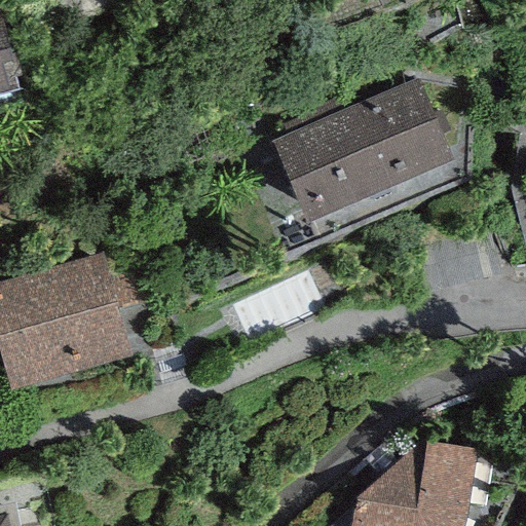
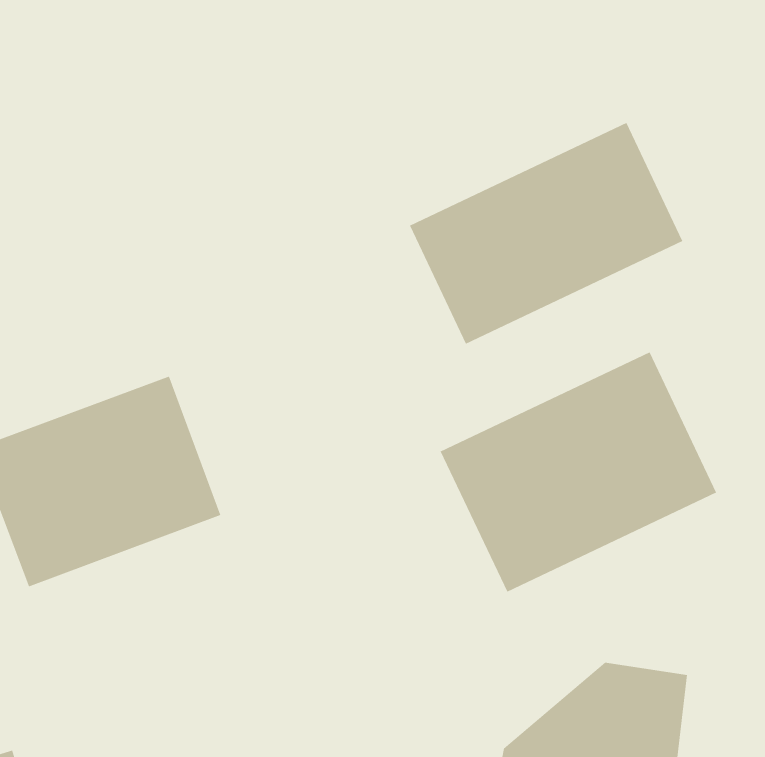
building: none -> [440,352,717,592]

